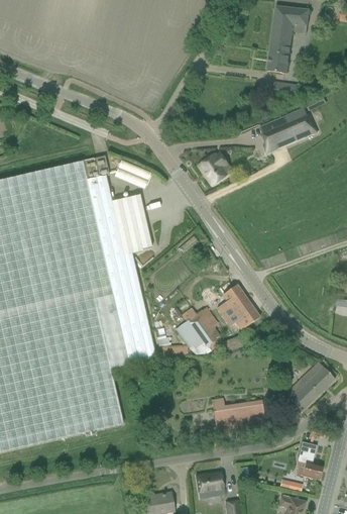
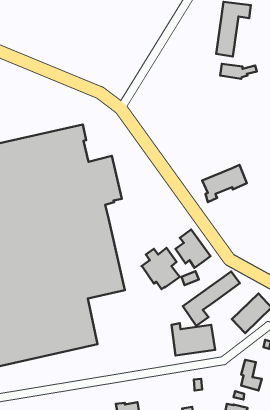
building: [258,109,313,155] -> [202,165,247,202]
building: [201,151,227,185] -> none
building: none -> [183,272,240,326]
building: [196,472,223,498] -> none

